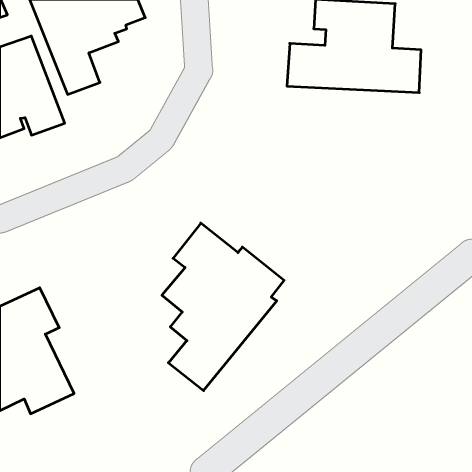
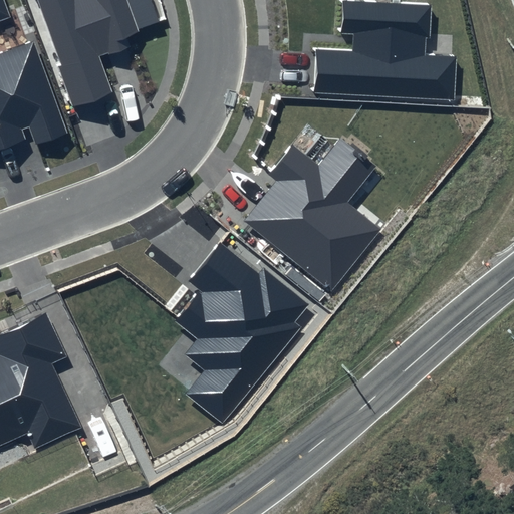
building: none -> [243,138,375,286]

